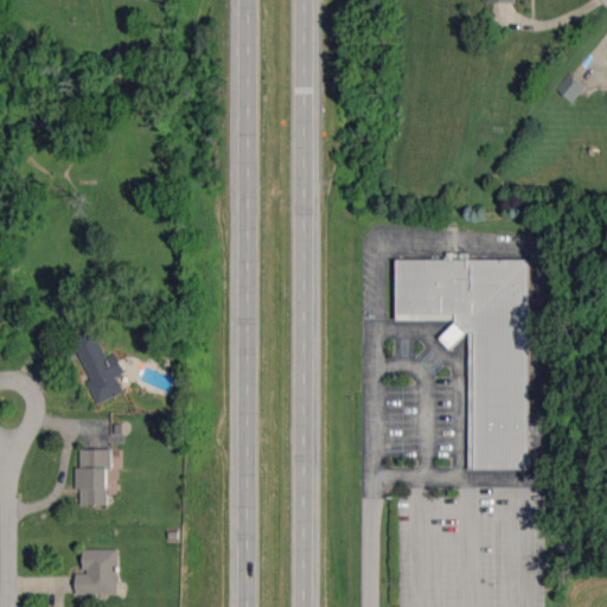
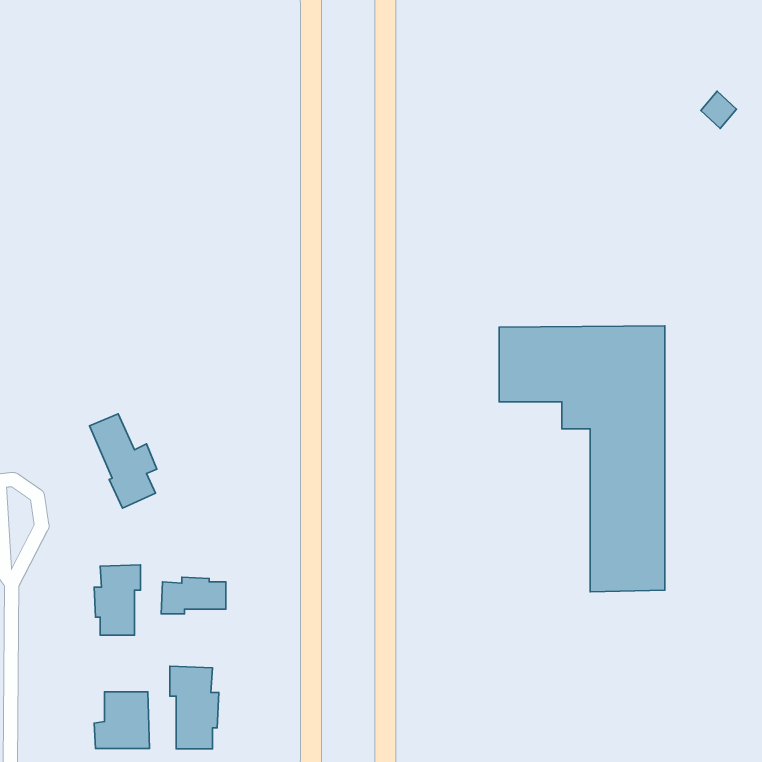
building: none -> [161,577,226,614]
building: none -> [170,666,219,749]

